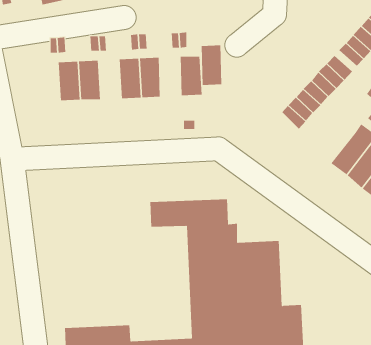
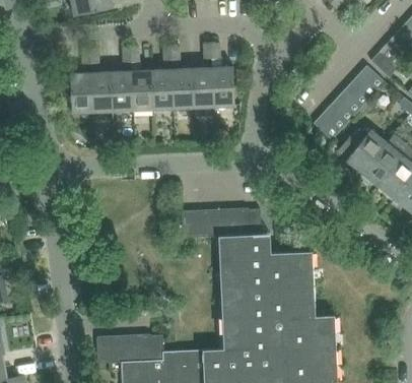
building: [201,45,222,86] -> [192,67,213,108]
building: none -> [131,70,153,111]
building: none -> [70,73,92,113]
building: none -> [338,130,387,174]

